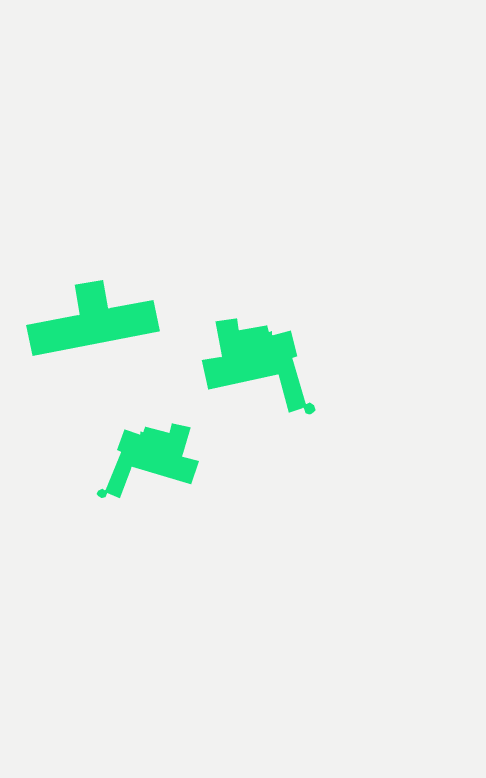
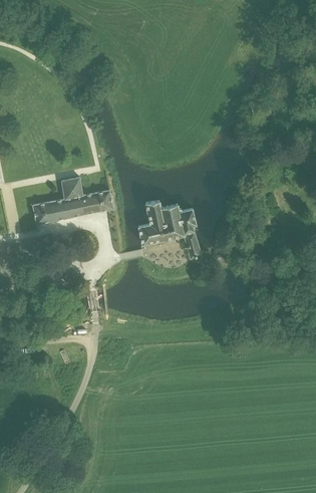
building: [96,422,200,499] -> none

